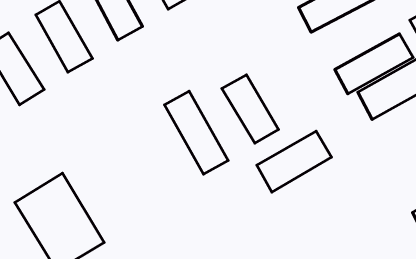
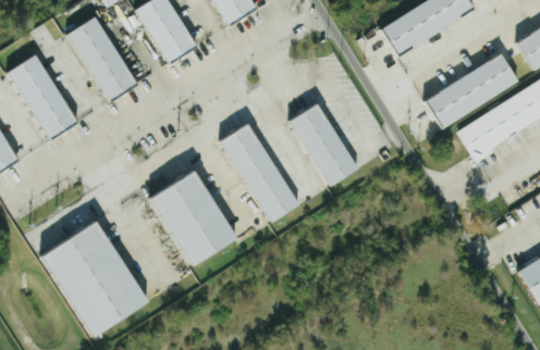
building: [257,131,332,192] -> none
building: none -> [151,172,237,267]

